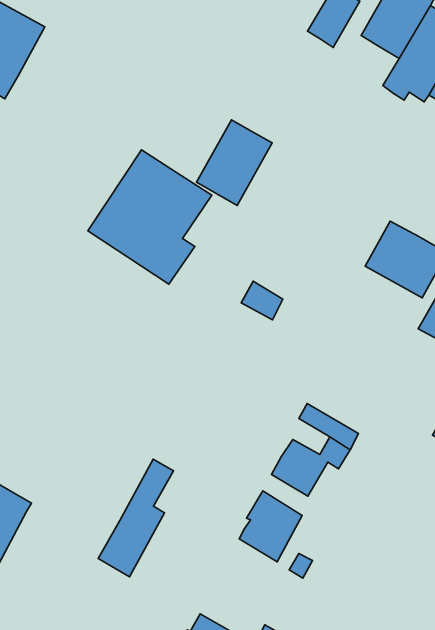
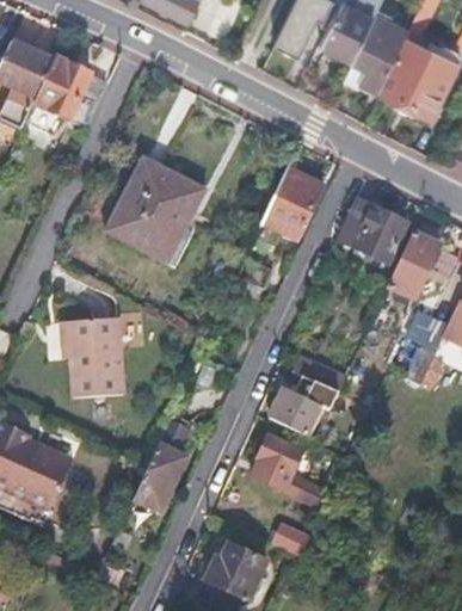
building: none -> [35,55,107,126]
building: [197,120,272,206] -> [261,168,322,240]
building: none -> [61,317,123,399]

